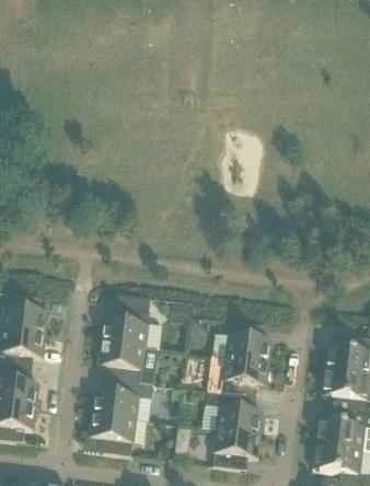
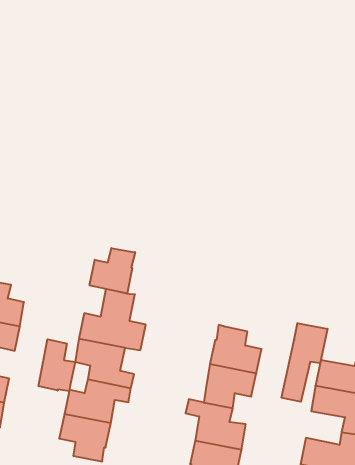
building: none -> [90,248,135,294]
building: none -> [281,323,328,402]
building: none -> [39,339,75,391]

